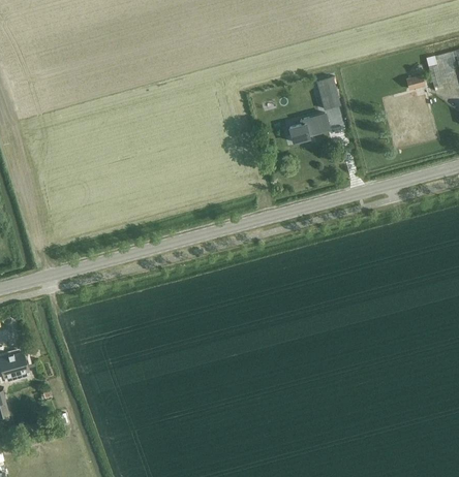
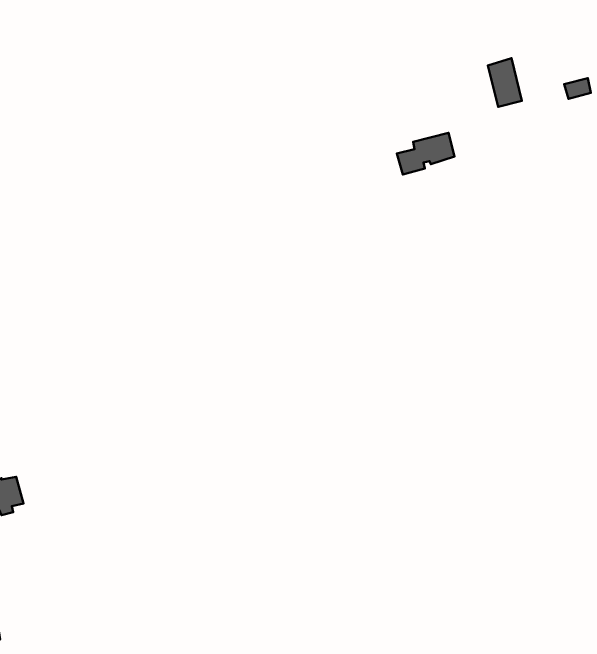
building: [316,75,340,109] -> [488,58,522,107]

